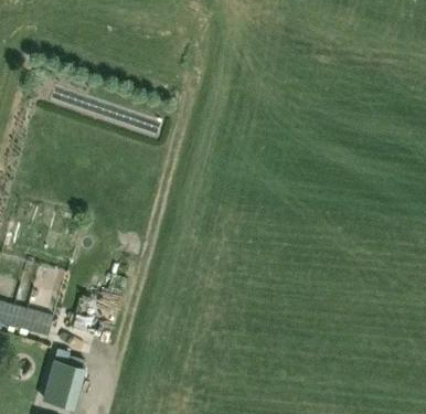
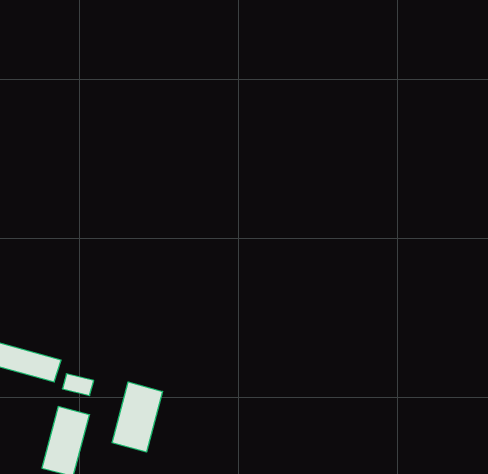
building: none -> [112,382,163,452]

